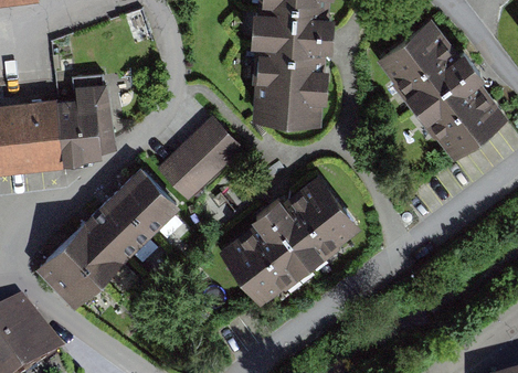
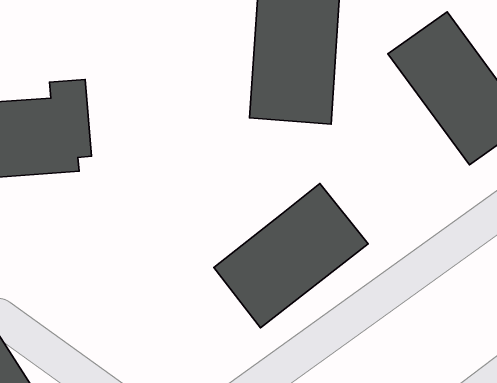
building: [38,118,239,309] -> none

